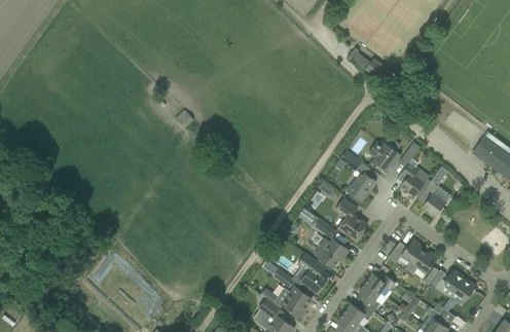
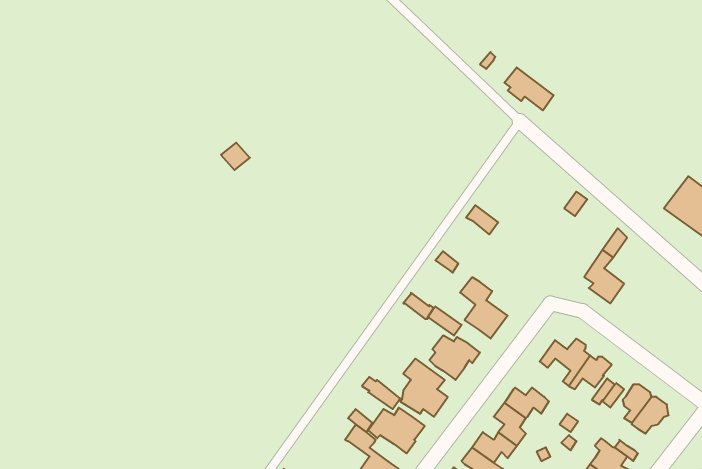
building: [369,142,401,171] -> none
building: [400,162,425,196] -> none
building: [345,171,376,202] -> none

